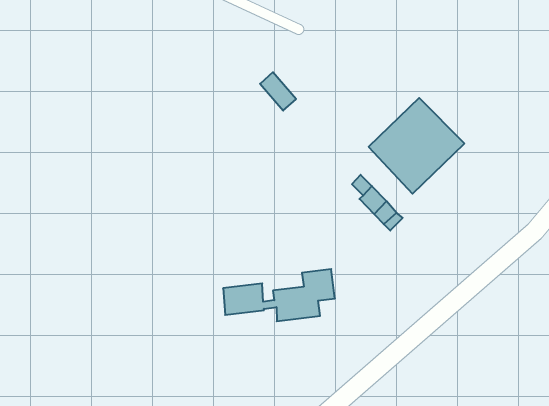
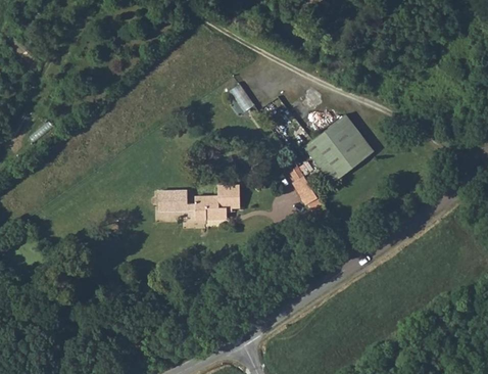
building: [223,269,335,321] -> [158,186,239,219]

